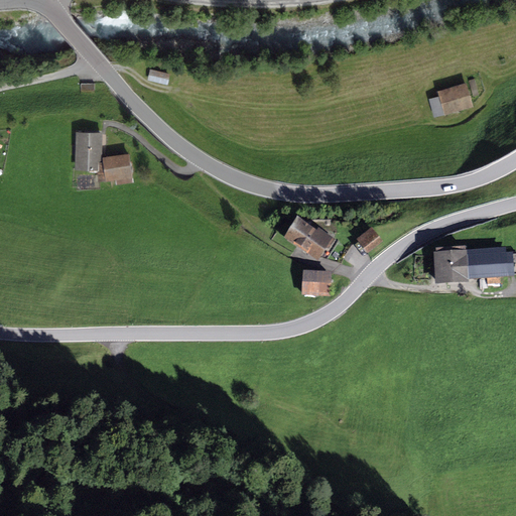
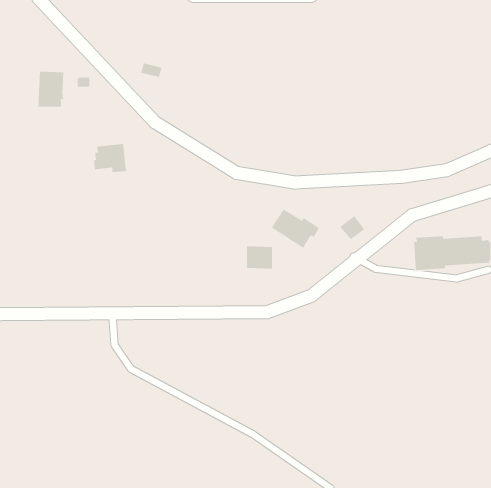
building: [428,80,474,115] -> none
building: [74,129,102,167] -> [37,71,64,107]
building: [302,270,331,295] -> [246,245,273,269]

